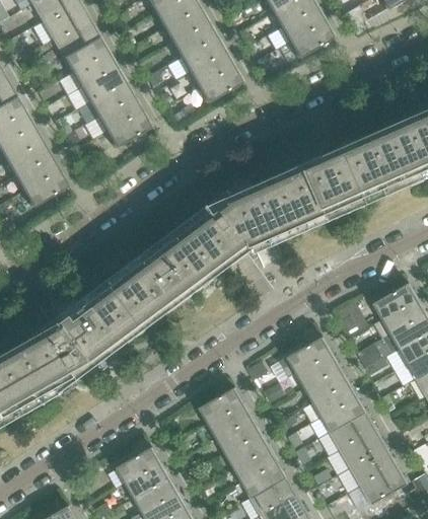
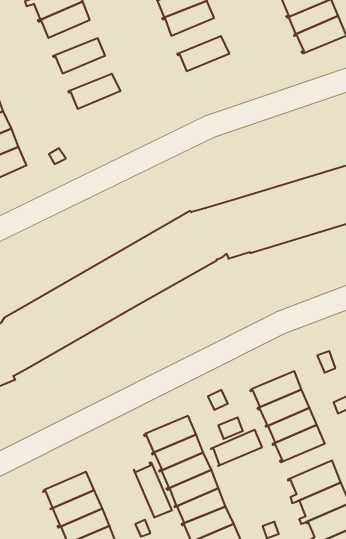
building: [179,35,223,70] -> none
building: [72,51,116,85] -> none
building: [196,65,241,101] -> none
building: [87,80,132,115] -> none
building: [104,109,150,146] -> none
building: [322,395,366,431] -> [211,430,262,466]
building: none -> [134,462,172,518]

